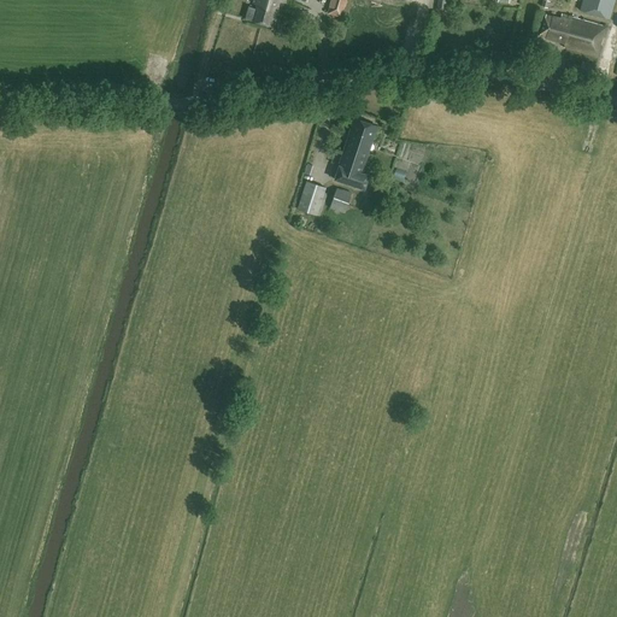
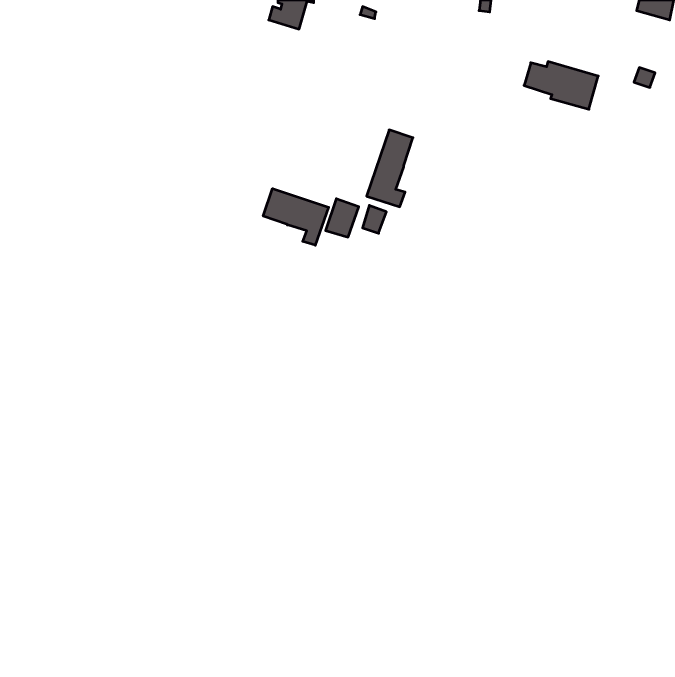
building: [540,13,607,57] -> [524,62,598,109]
building: none -> [263,189,329,245]

